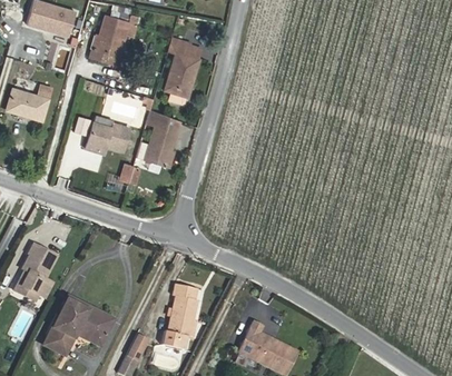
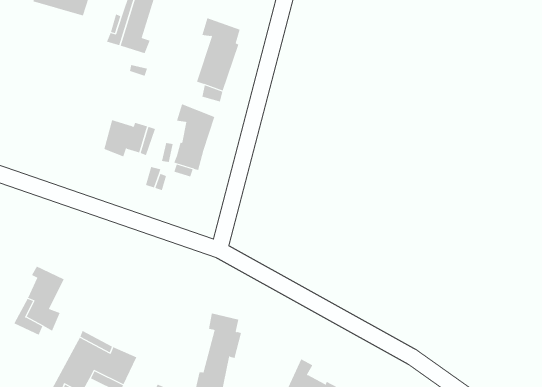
building: [11,83,57,120] -> none

